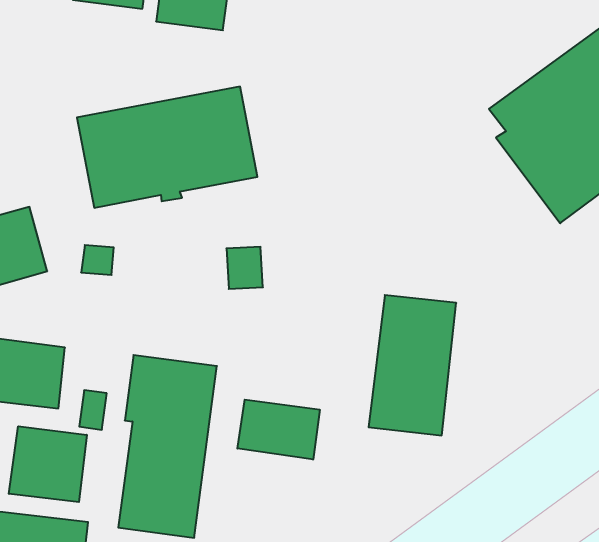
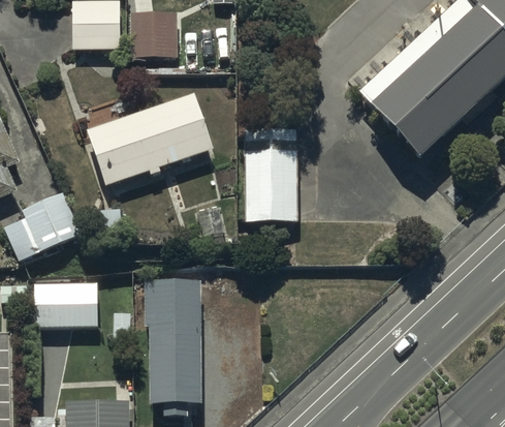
building: [369,295,456,435] -> [245,132,295,223]
building: [237,400,320,460] -> none
building: [9,426,87,502] -> none

